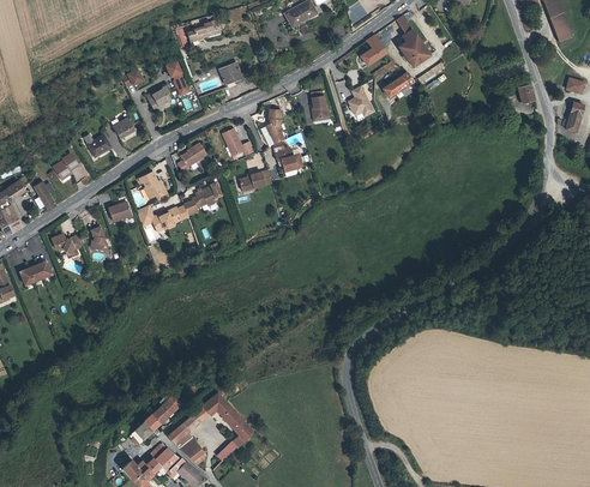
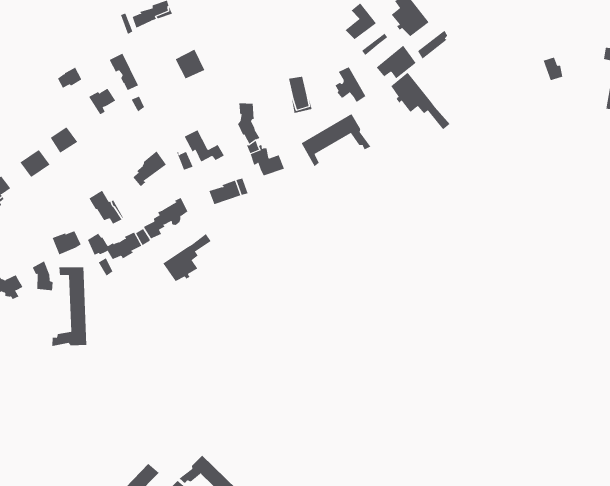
building: none -> [391,72,450,130]
building: none -> [301,113,371,167]
building: none -> [162,233,211,282]
building: none -> [52,266,87,347]

